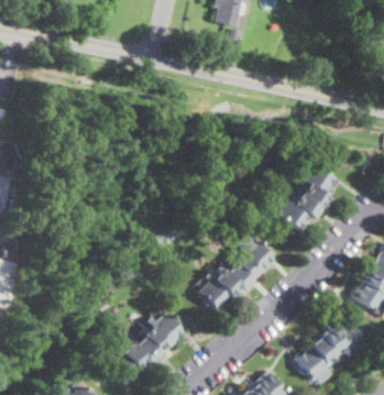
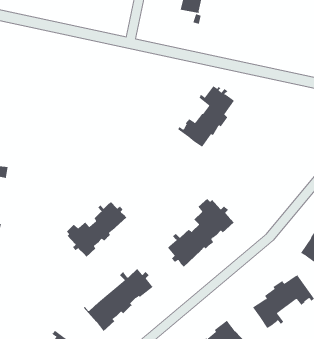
building: [274,162,339,232] -> [177,85,235,148]
building: none -> [66,201,127,258]

